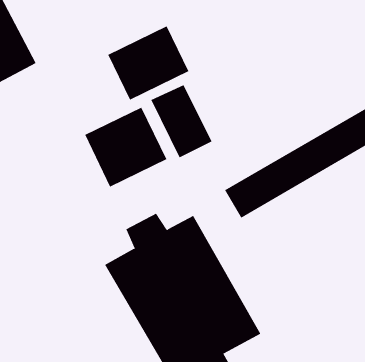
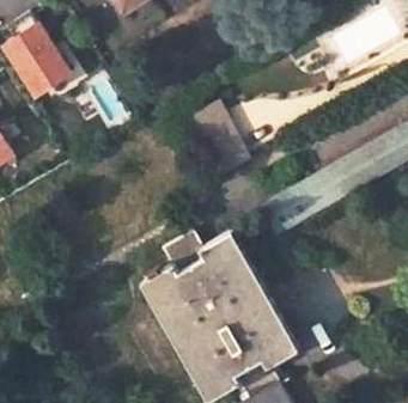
building: [108,26,189,101] -> none
building: [84,107,167,187] -> none

